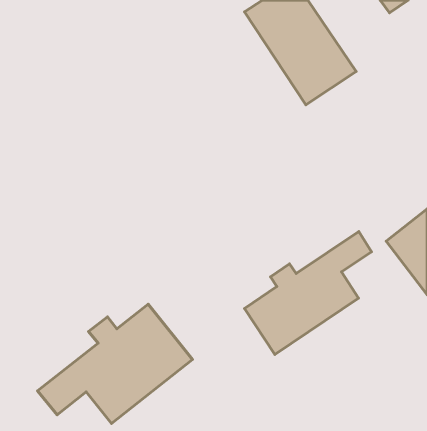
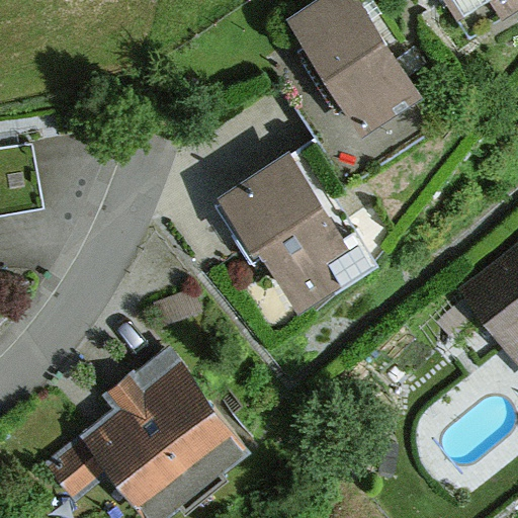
building: none -> [222,154,348,304]
building: [244,231,372,354] -> none

